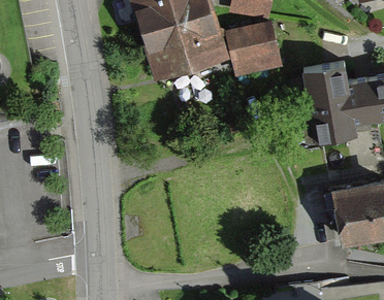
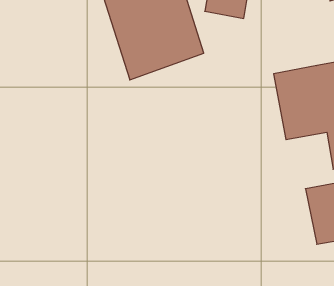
building: [225,21,283,76] -> none

